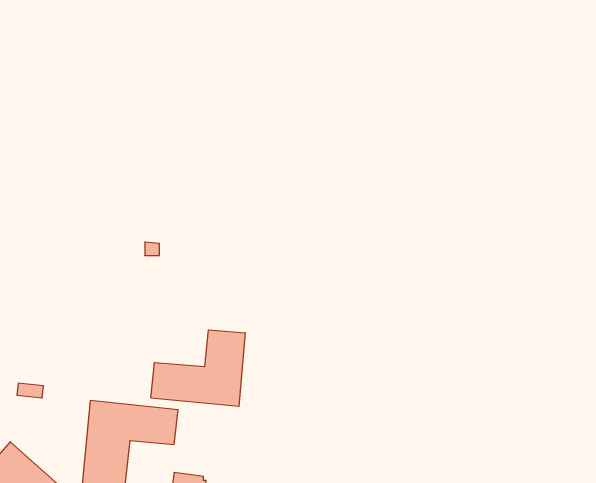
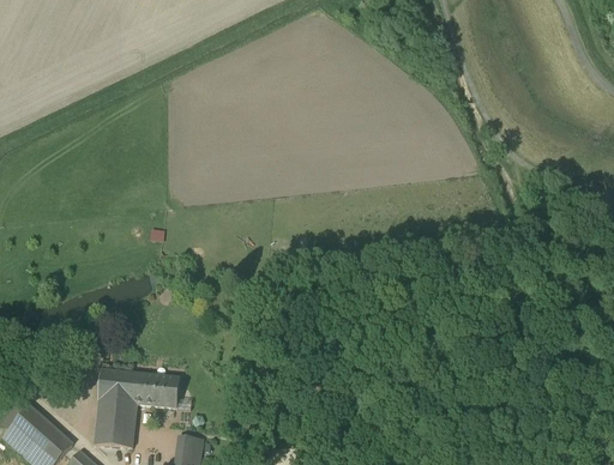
building: [151,330,245,406] -> none

